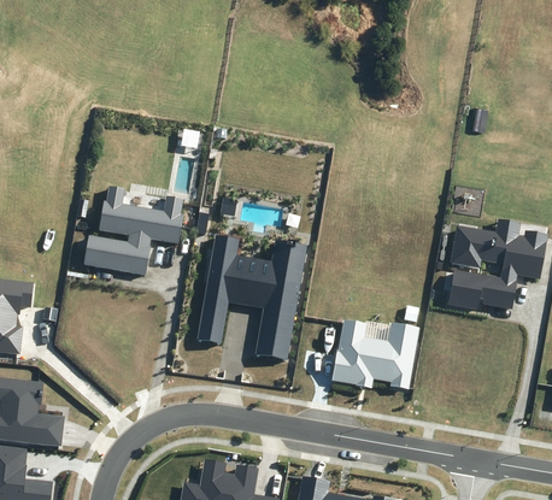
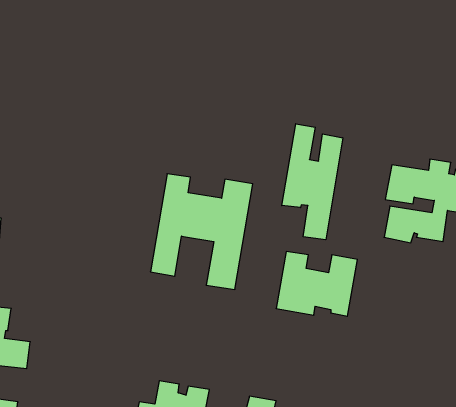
building: none -> [282,124,343,240]
building: [82,186,182,275] -> none

